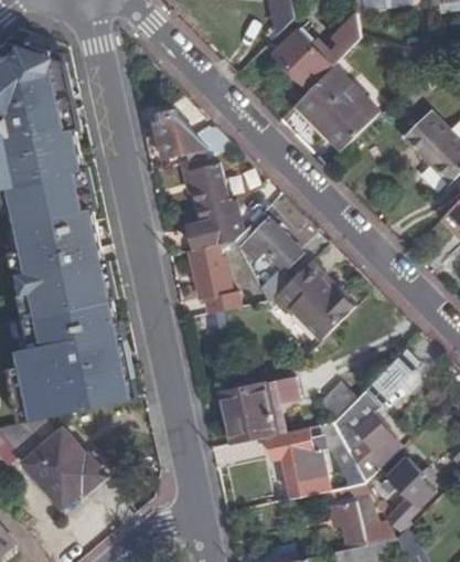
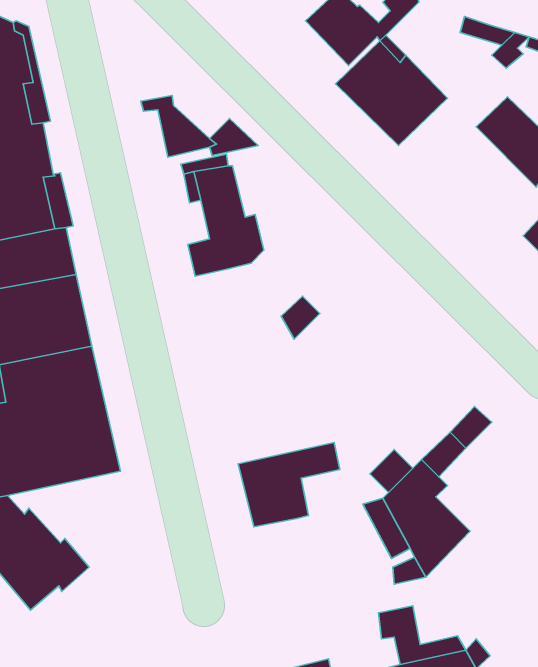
building: [232,210,300,268] -> none
building: [189,244,238,312] -> none
building: [274,258,356,335] -> none
building: [267,427,320,489] -> none
building: [376,458,434,531] -> none

